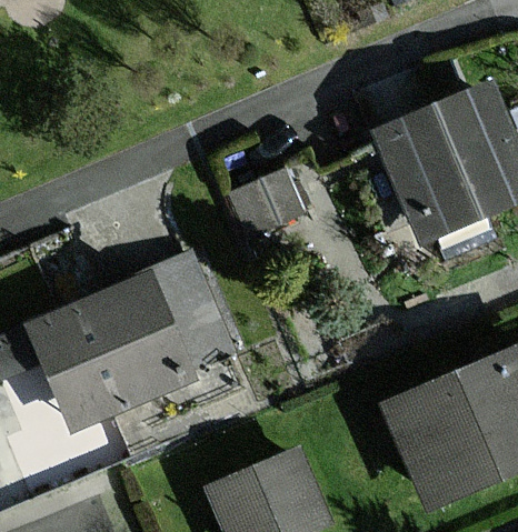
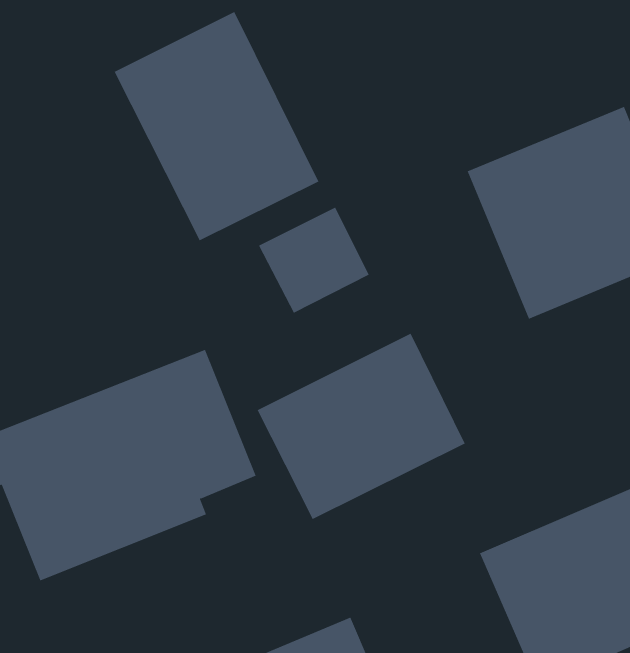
building: none -> [114,11,319,241]
building: none -> [257,333,466,520]

